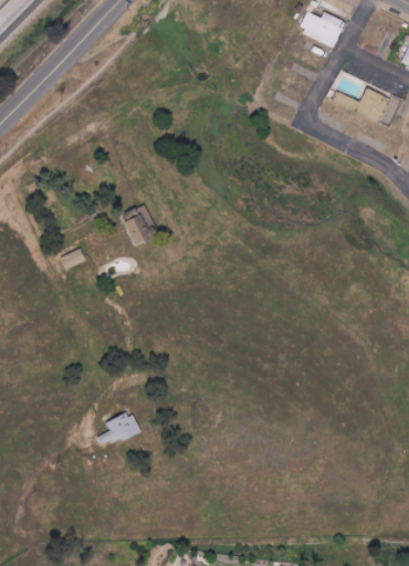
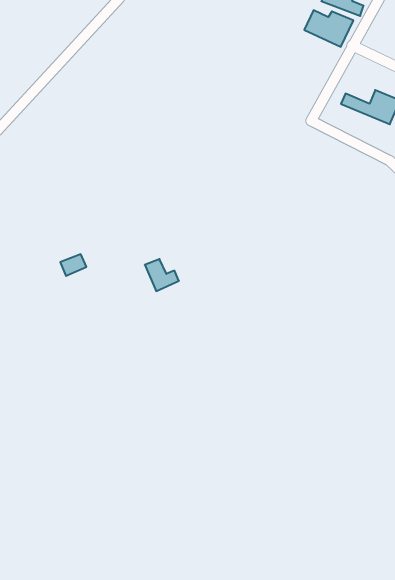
building: [124,214,157,245] -> [145,259,179,291]
building: [97,411,141,443] -> none

